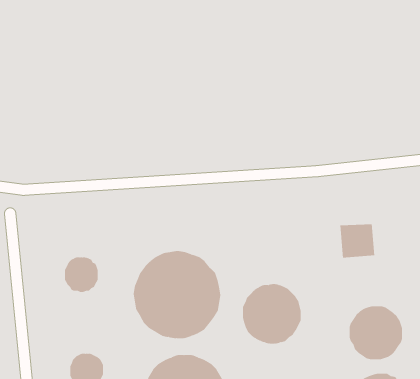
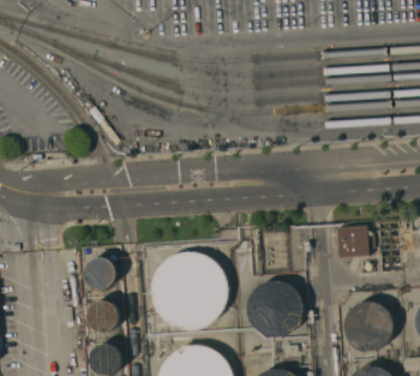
building: none -> [86,302,119,333]

